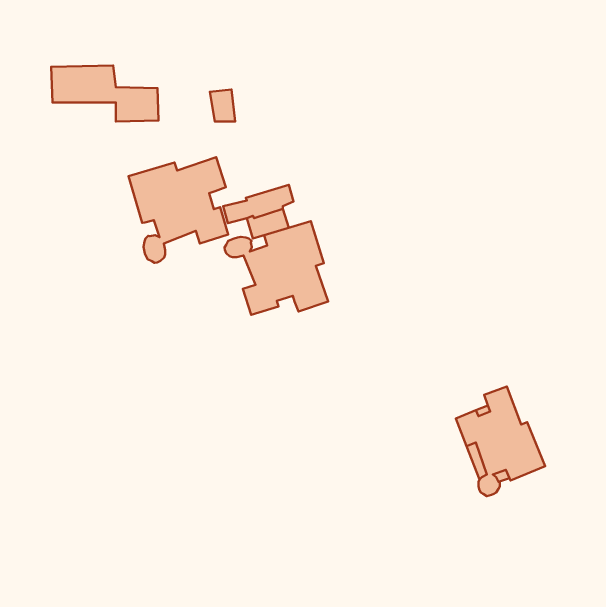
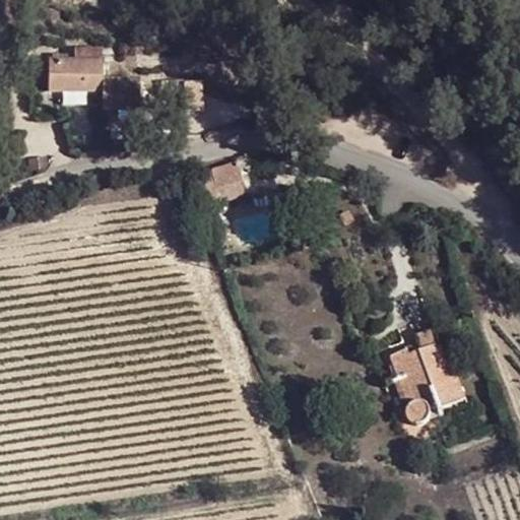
building: [129,157,228,263] -> none
building: [224,221,328,315] -> none

